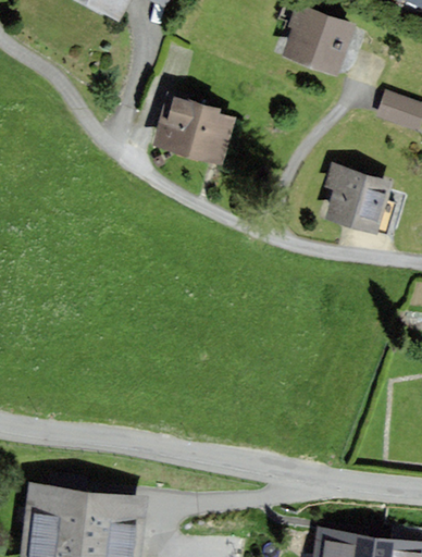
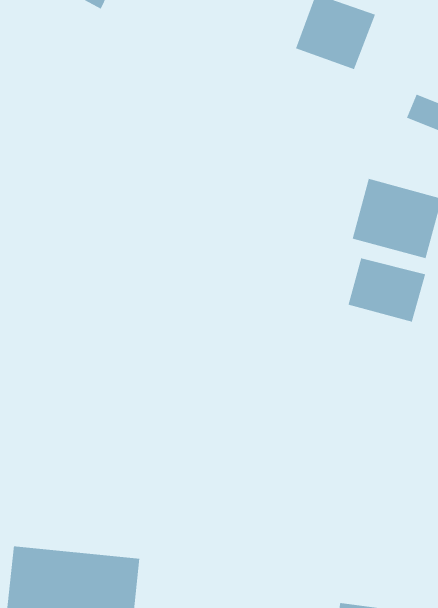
building: [153,99,236,166] -> none
building: none -> [348,257,426,322]

